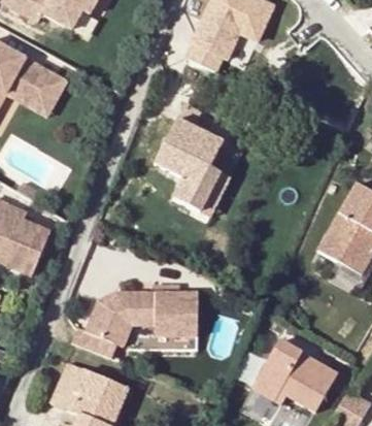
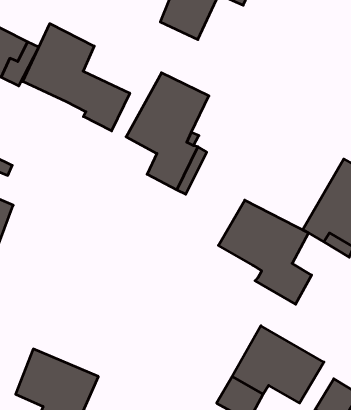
building: none -> [23,24,130,131]
building: none -> [218,200,312,304]
building: [73,292,198,358] -> none

